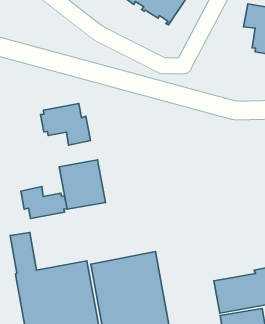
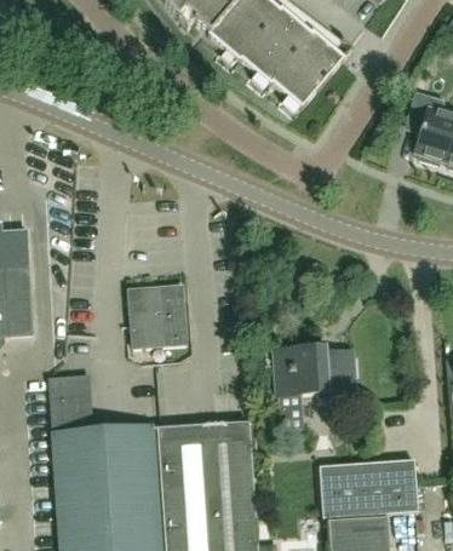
building: [41,104,91,145] -> none
building: [21,187,67,219] -> none
building: none -> [273,346,355,430]

